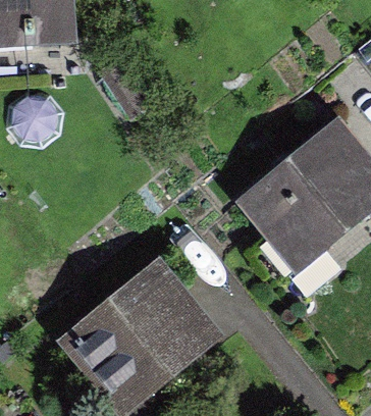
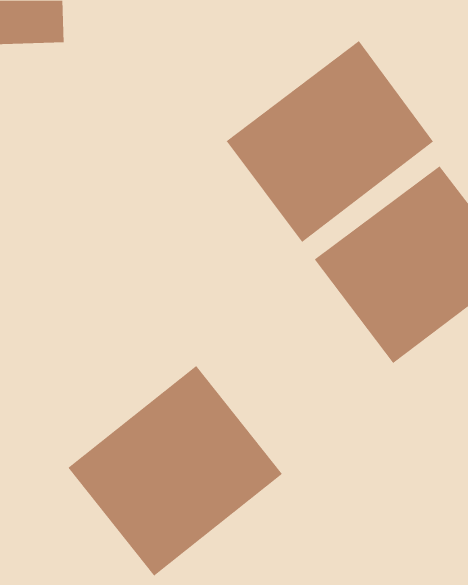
building: none -> [226,40,434,243]

